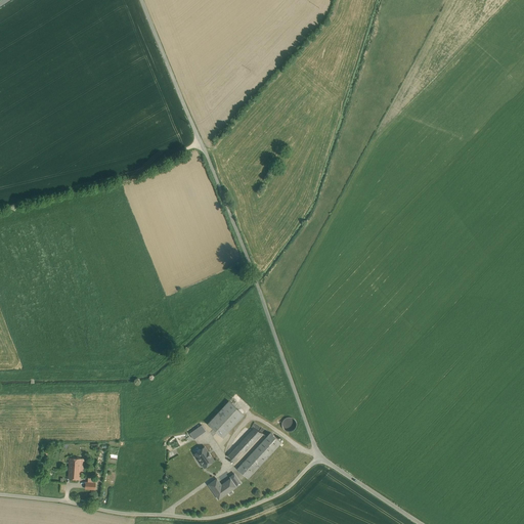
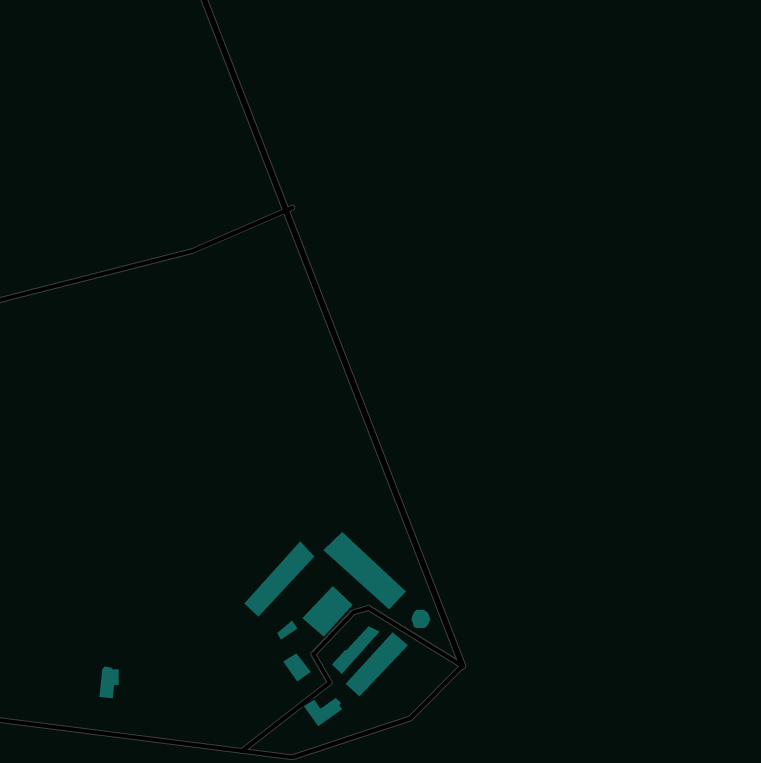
building: none -> [323,531,407,610]
building: none -> [243,540,315,618]

